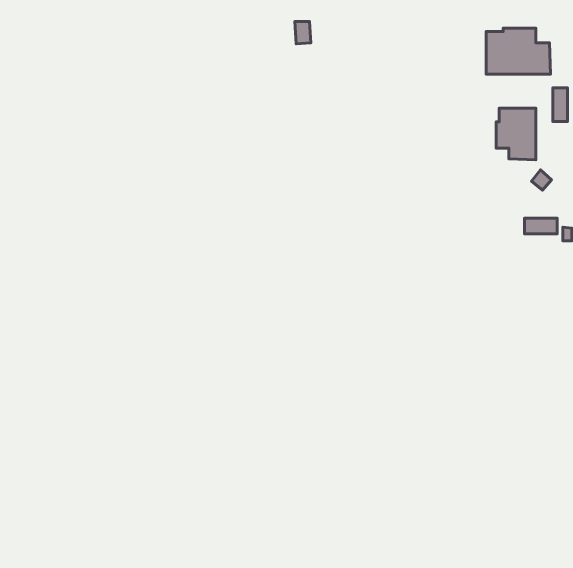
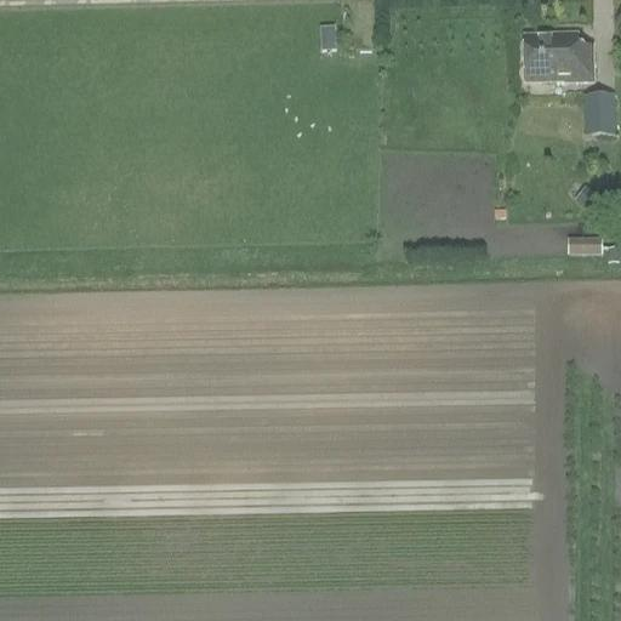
building: [496,108,536,160] -> none

